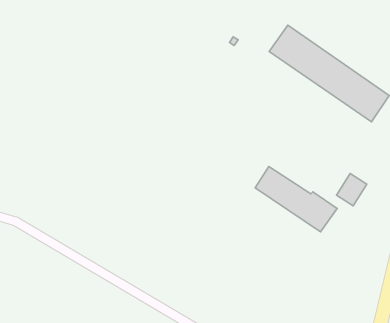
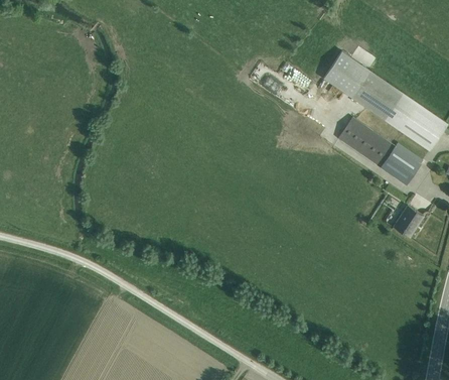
building: [255,166,337,232] -> [338,117,423,184]

